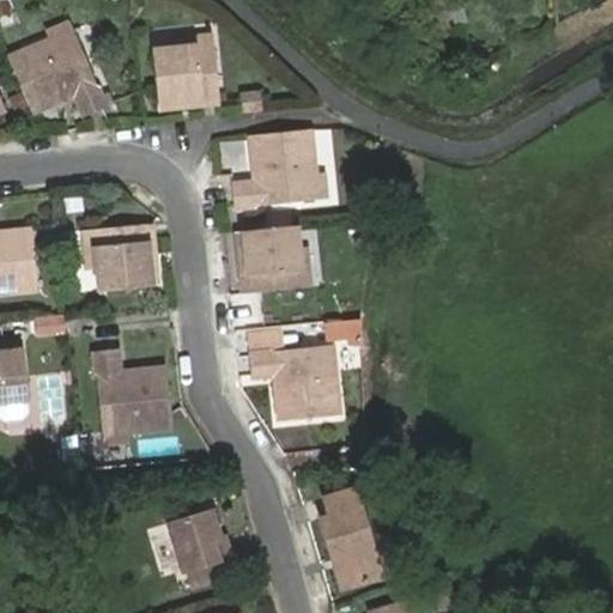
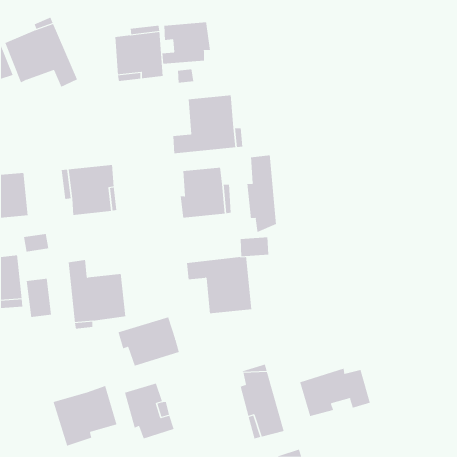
building: none -> [162,22,211,65]
building: none -> [247,155,277,233]
building: none -> [118,316,180,367]
building: none -> [300,368,371,417]
building: none -> [53,385,117,446]

